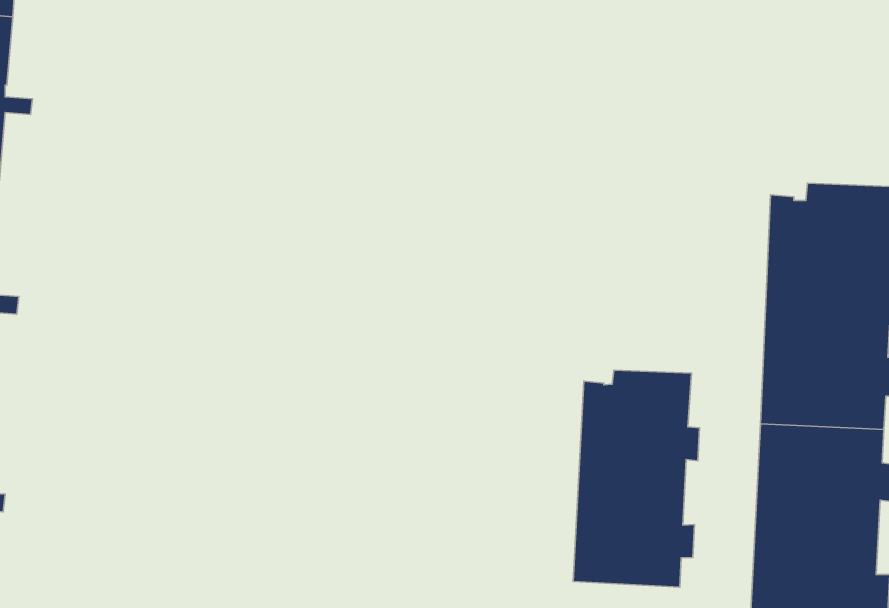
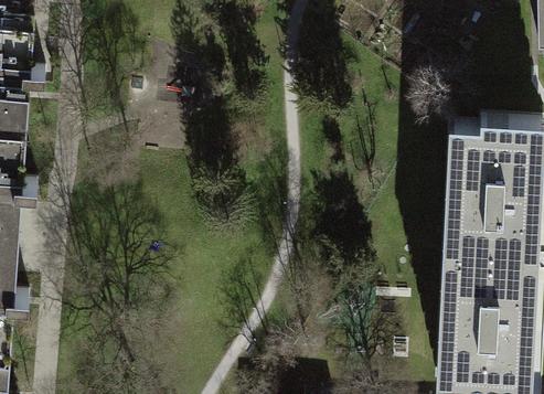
building: [573,370,699,587] -> none

